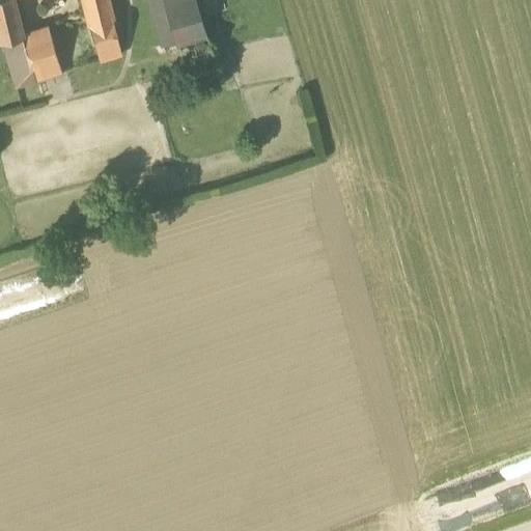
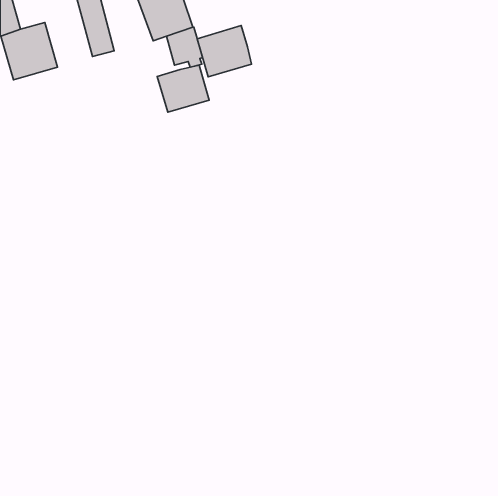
building: none -> [197,26,252,77]
building: none -> [157,65,209,112]

